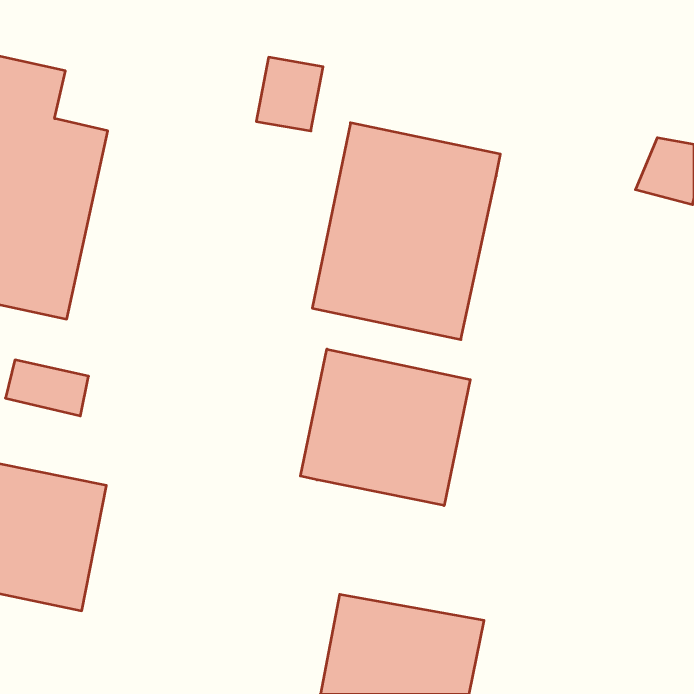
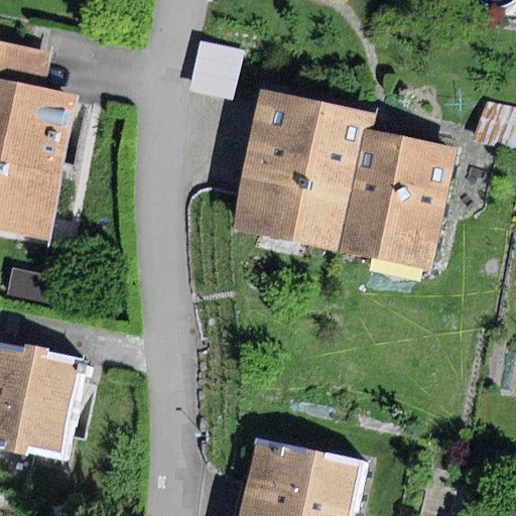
building: none -> [341,130,457,270]
building: [300,349,470,506] -> none

